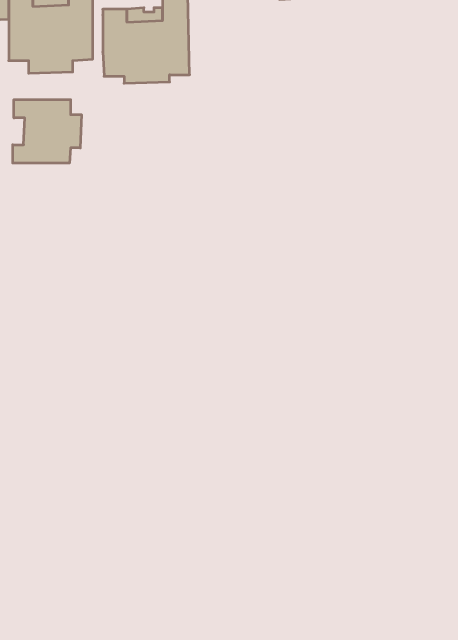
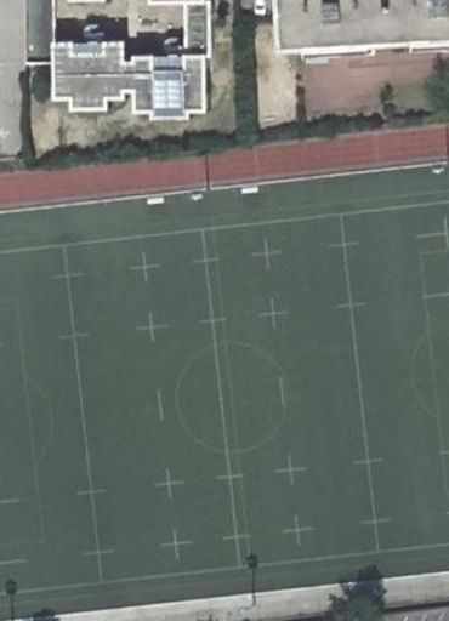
building: [13,100,81,163] -> none

